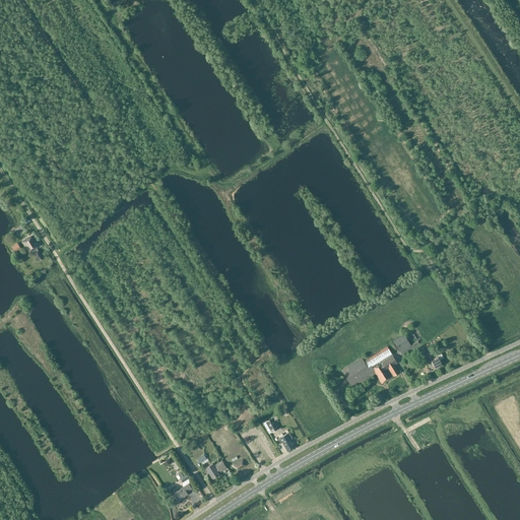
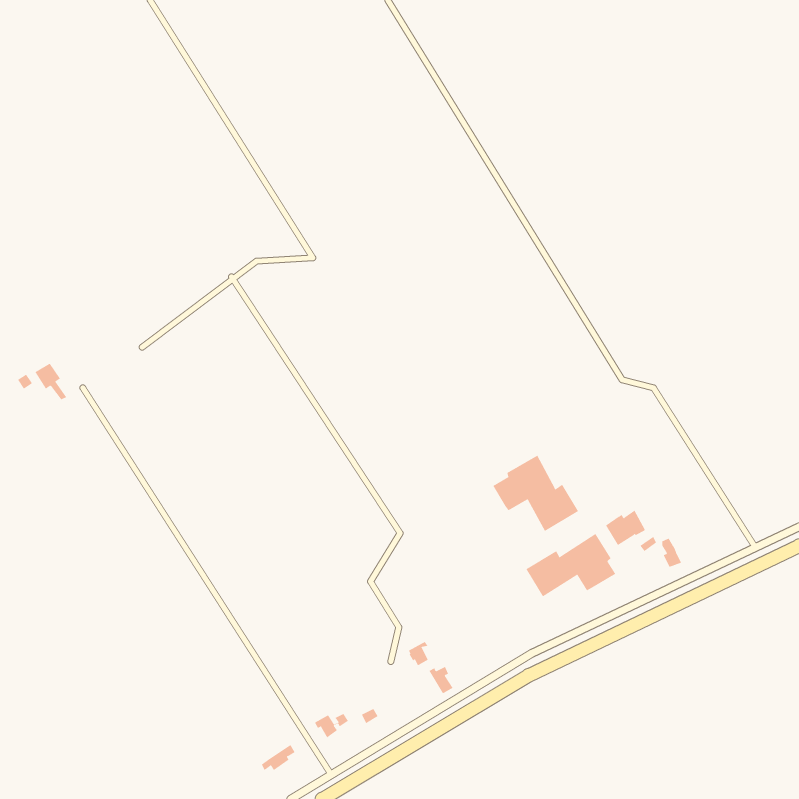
building: none -> [492,455,579,532]

